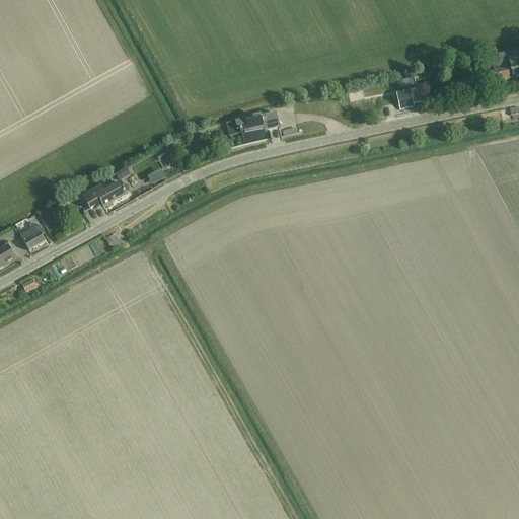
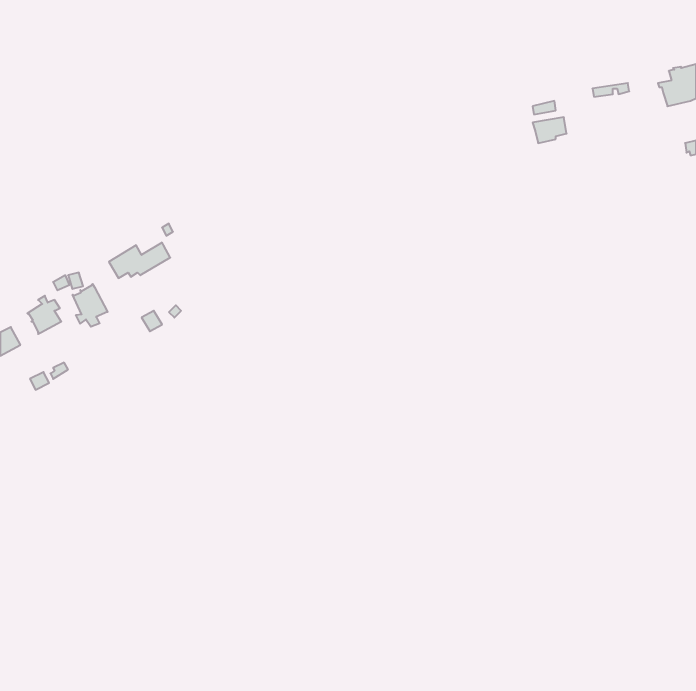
building: [227,110,280,139] -> none
building: none -> [73,284,108,327]

